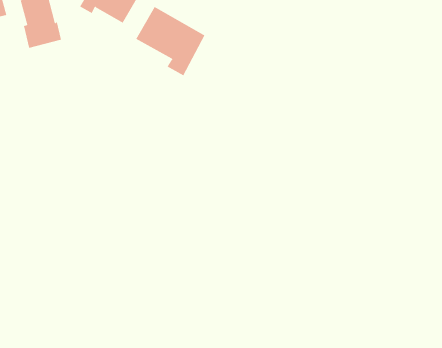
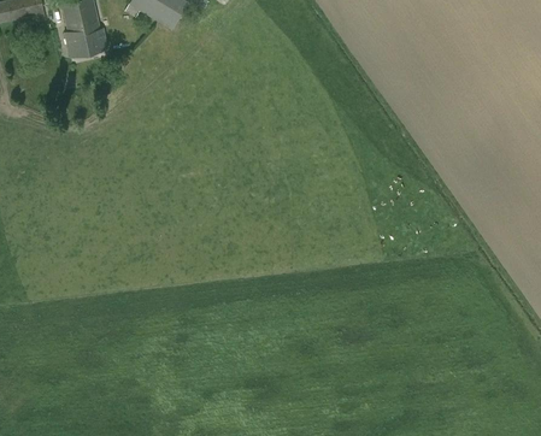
building: [136,6,205,76] -> none

